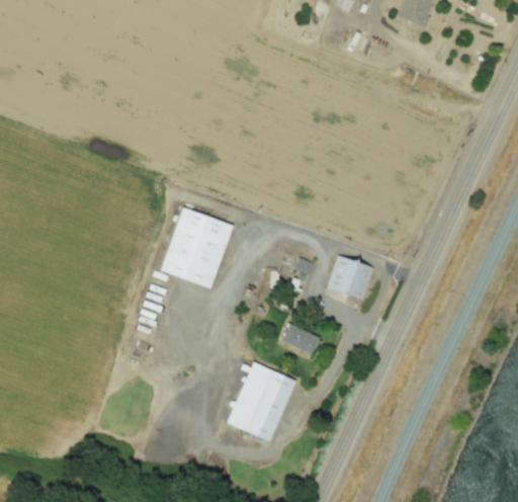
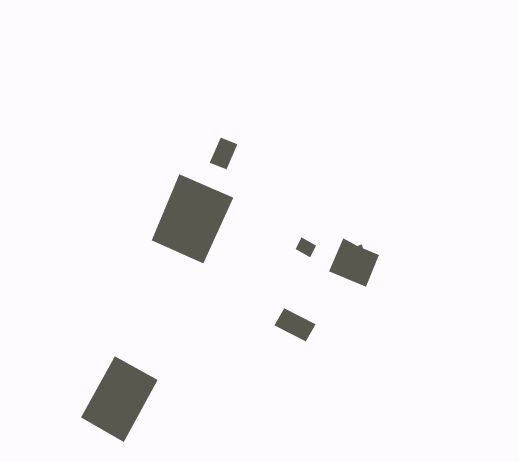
building: none -> [209,137,238,170]
building: [226,362,295,442] -> [80,356,159,443]

